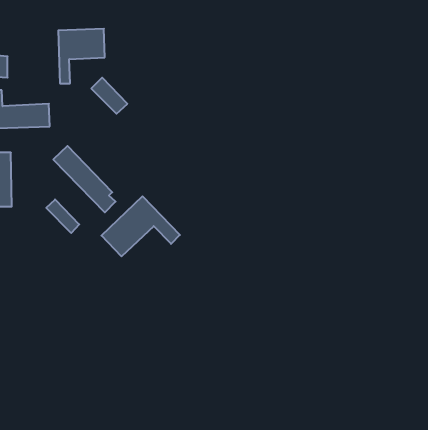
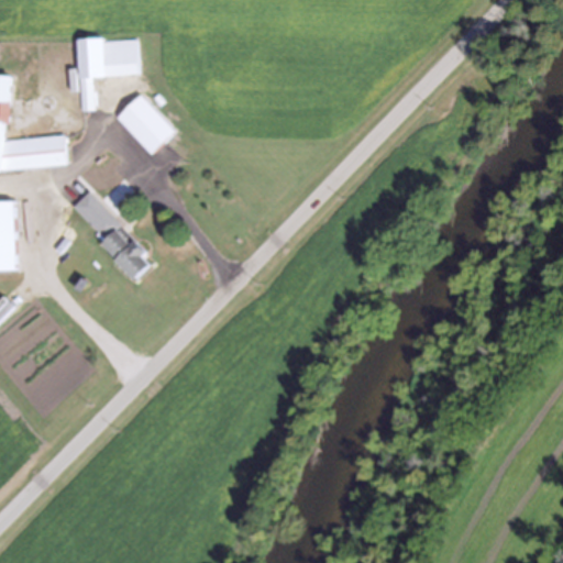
building: [101,196,180,256] -> none
building: [46,199,79,233] -> none

